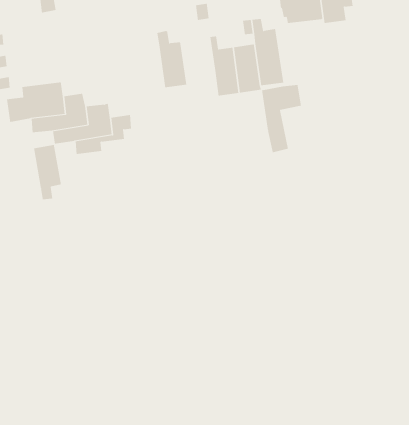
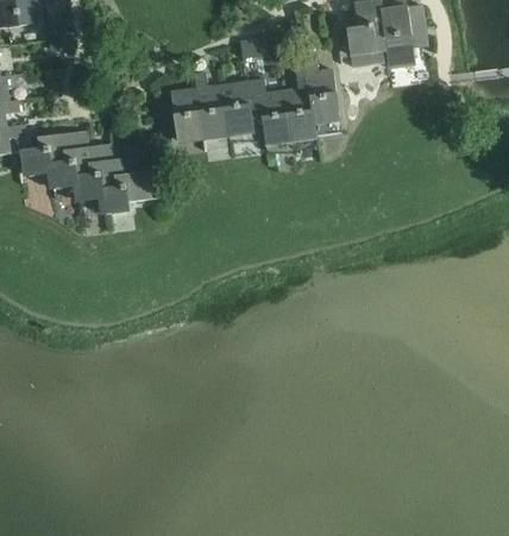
building: none -> [222,78,262,138]
building: none -> [162,88,203,143]
building: [262,84,301,153] -> none
building: [33,144,61,200] -> none

